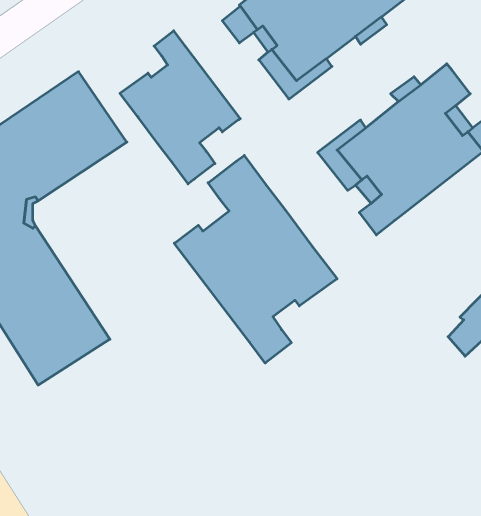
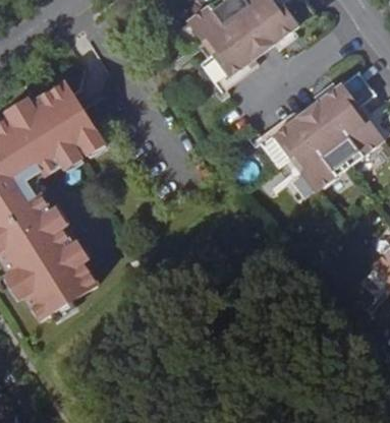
building: [120,31,240,184] -> none
building: [174,155,337,363] -> none

